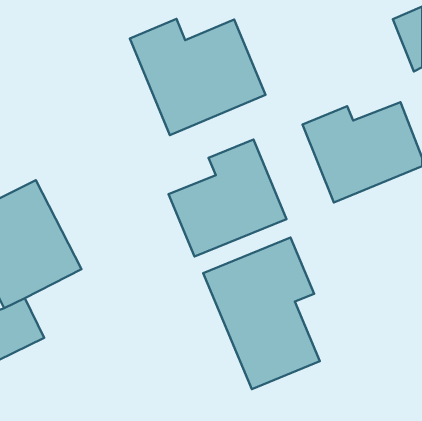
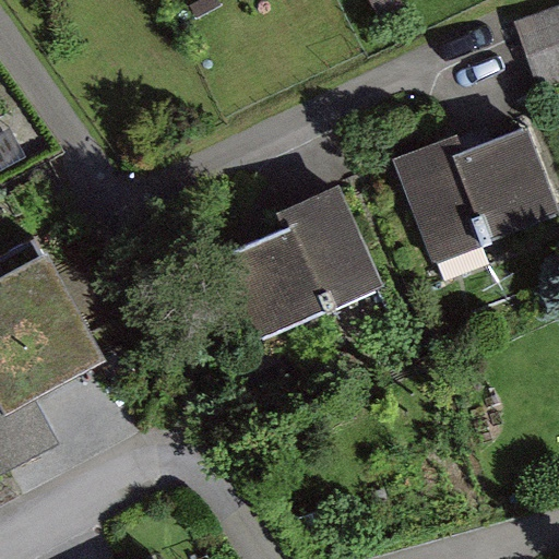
building: [130,19,265,135] -> none
building: [203,237,320,389] -> none

